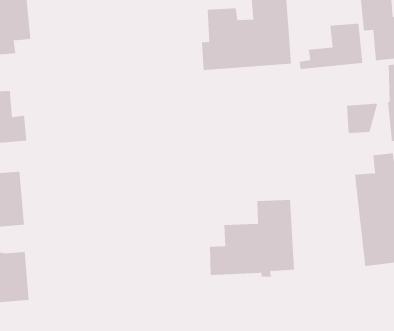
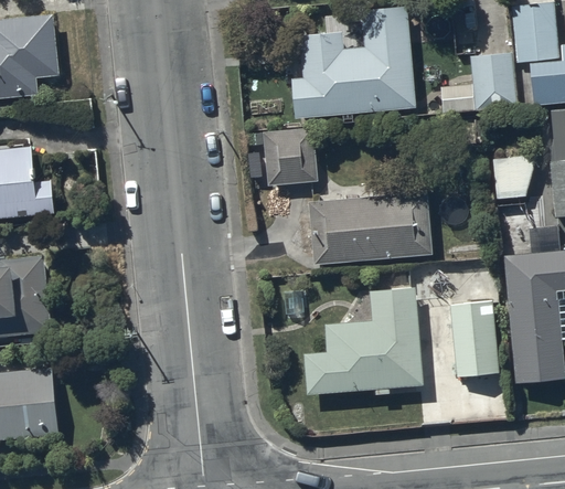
building: none -> [262,126,317,184]
building: none -> [307,189,431,263]
building: none -> [448,305,499,379]

